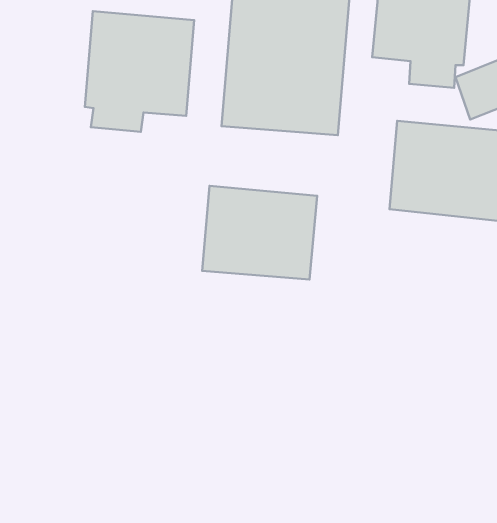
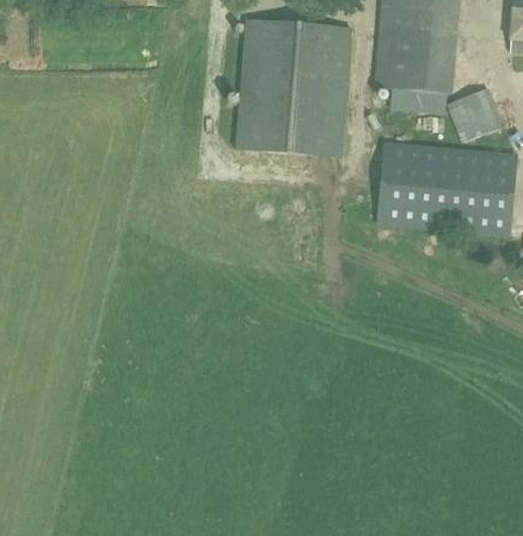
building: [85,11,194,132] -> none
building: [202,186,317,279] -> none

